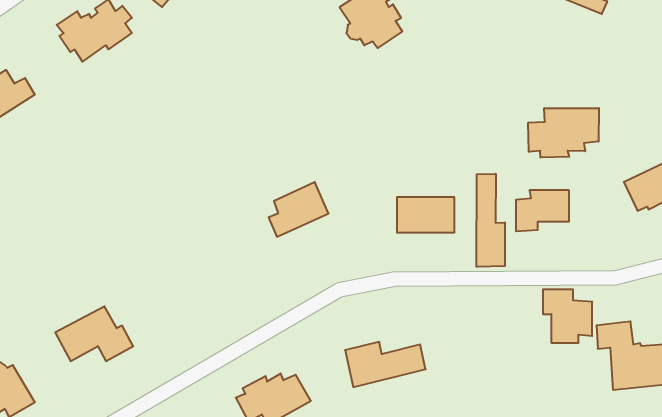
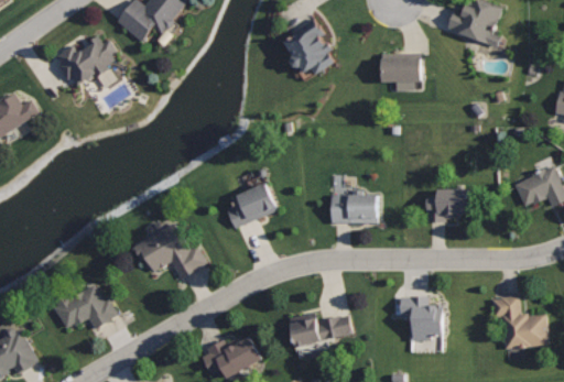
building: none -> [381,53,422,91]
building: [528,108,599,158] -> none
building: [477,174,505,267] -> none
building: none -> [133,221,207,277]
building: [543,289,592,343] -> [401,298,441,341]

